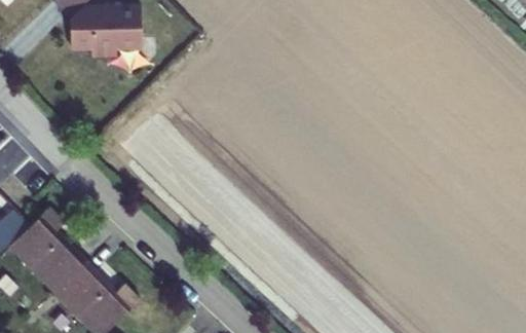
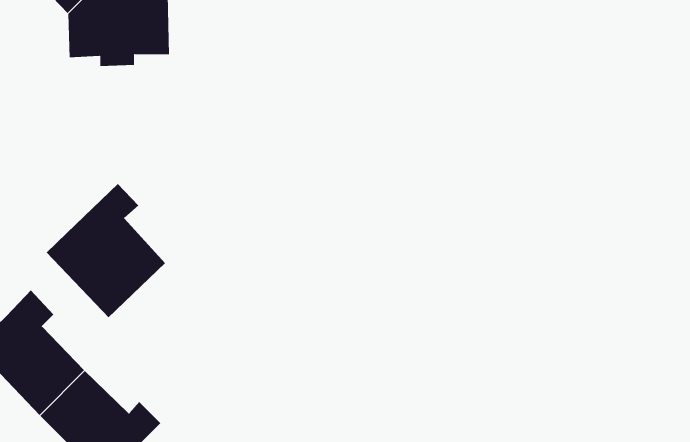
building: none -> [46,183,166,318]

